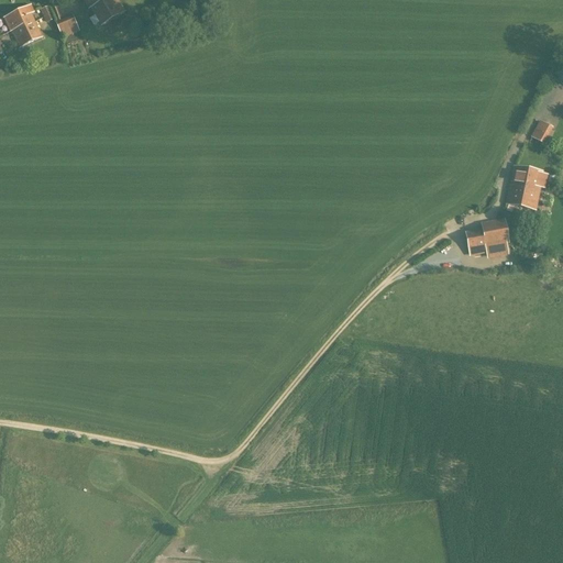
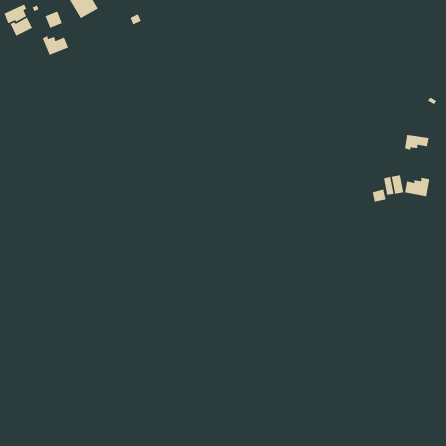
building: none -> [42,35,69,56]
building: [506,183,539,208] -> [404,177,430,197]

